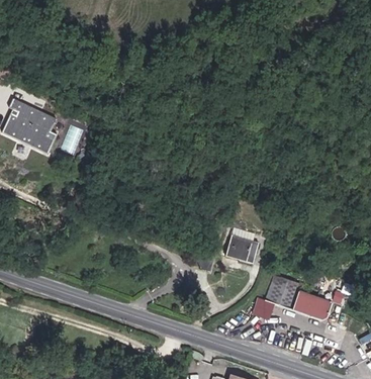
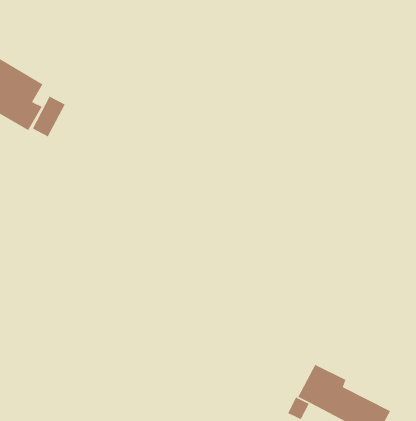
building: [226,236,258,263] -> none

